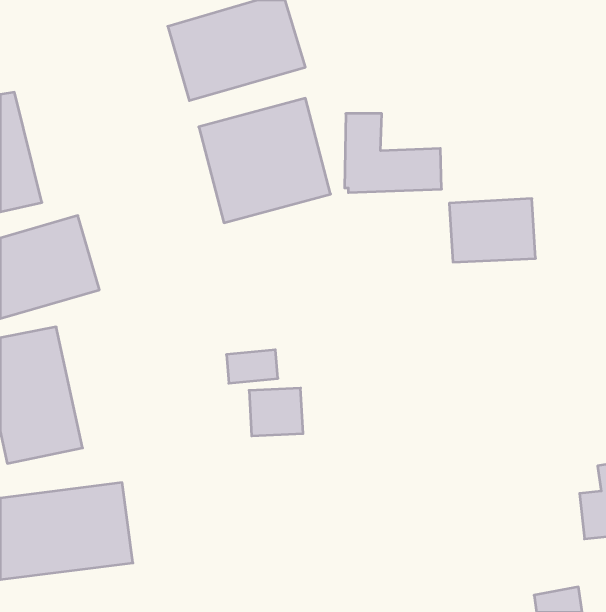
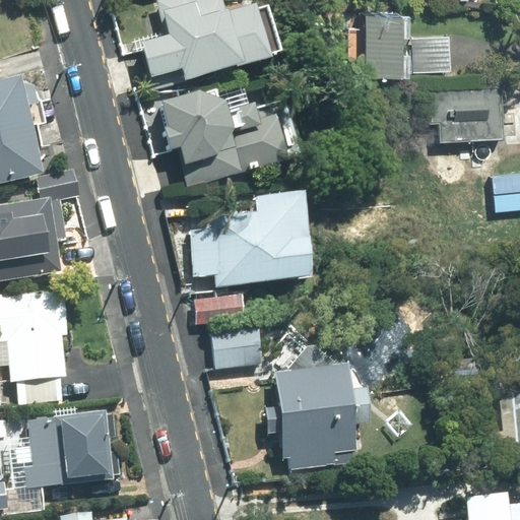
building: [345,114,442,193] -> [366,5,448,72]
building: [449,199,536,262] -> [430,84,503,138]
building: none -> [200,199,298,288]
building: none -> [262,372,361,469]

